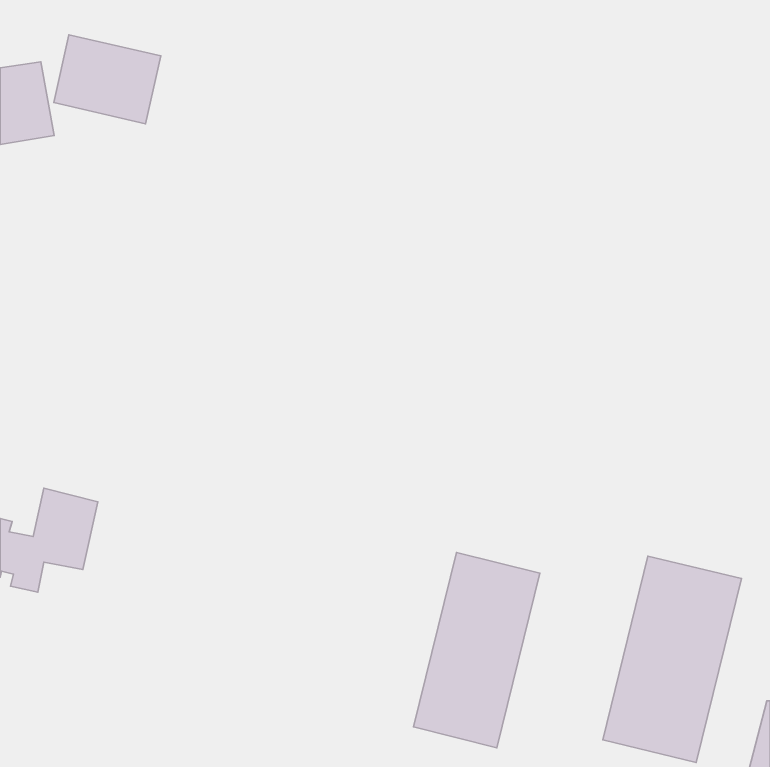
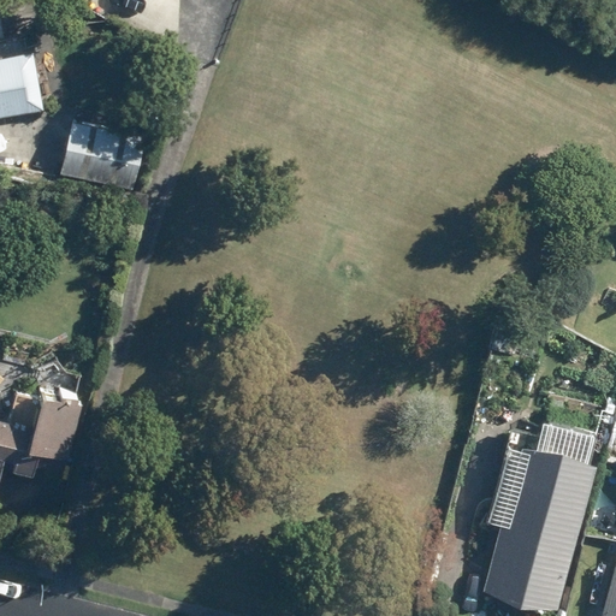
building: [54,35,161,124] -> [60,120,146,191]
building: [414,553,540,748] -> none

